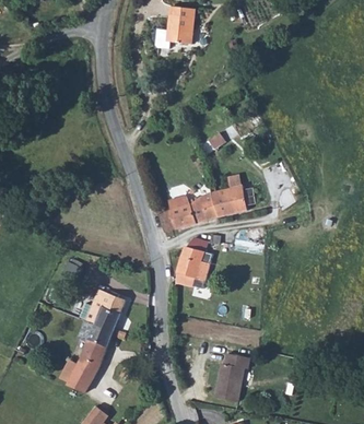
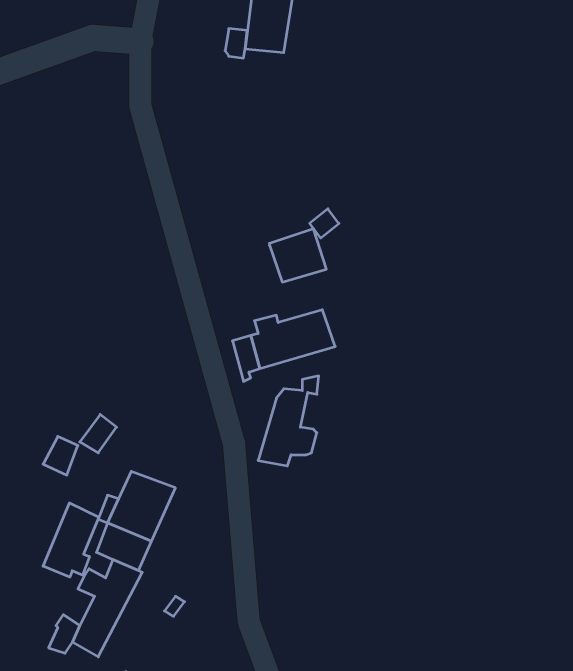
building: [212,185,246,216] -> [269,229,326,282]
building: none -> [43,503,99,577]
building: [215,356,249,403] -> none

